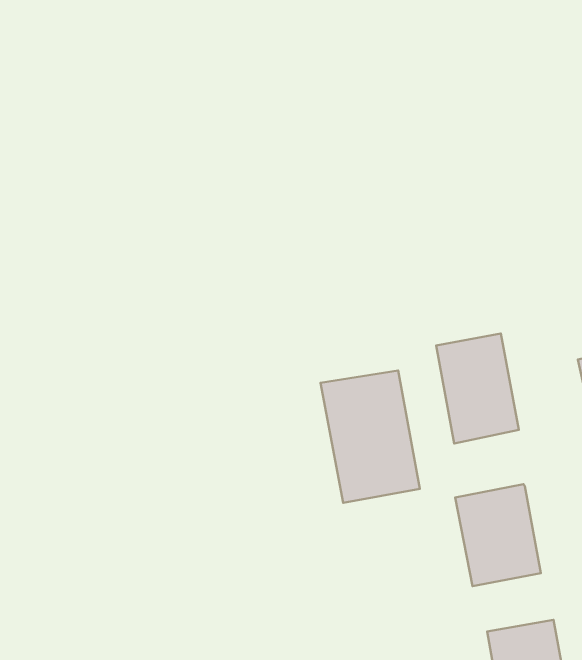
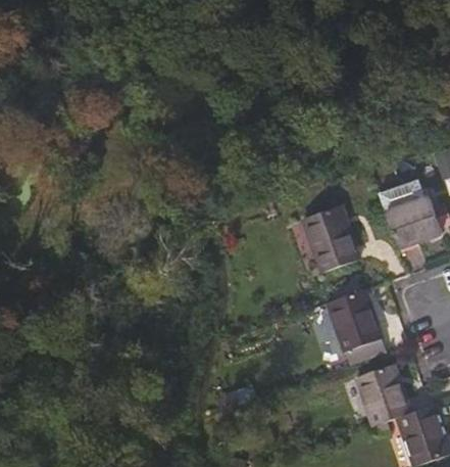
building: [321,371,420,503] -> none

